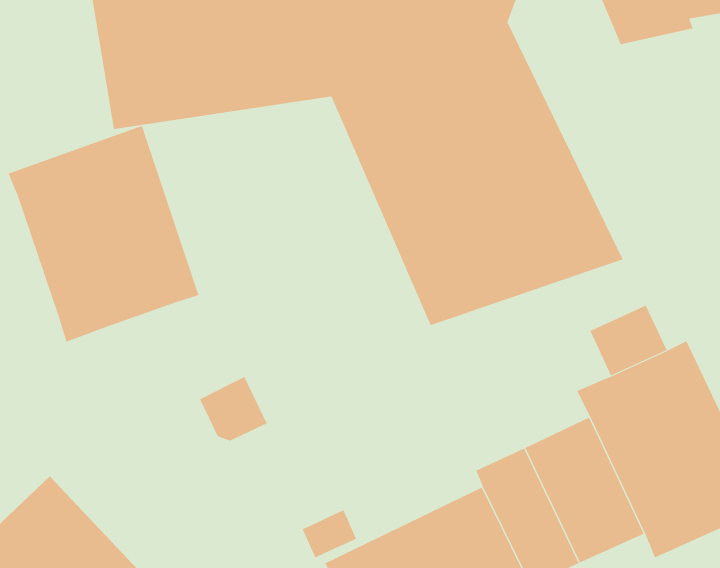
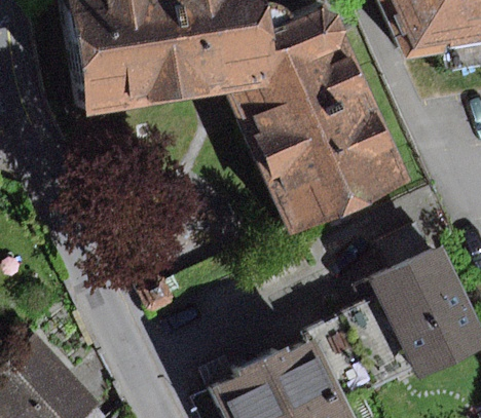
building: [8,125,199,342] -> none

